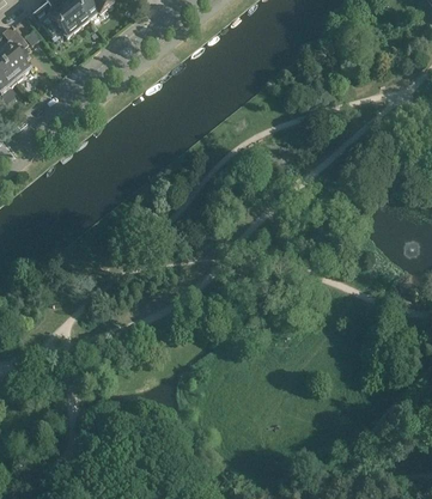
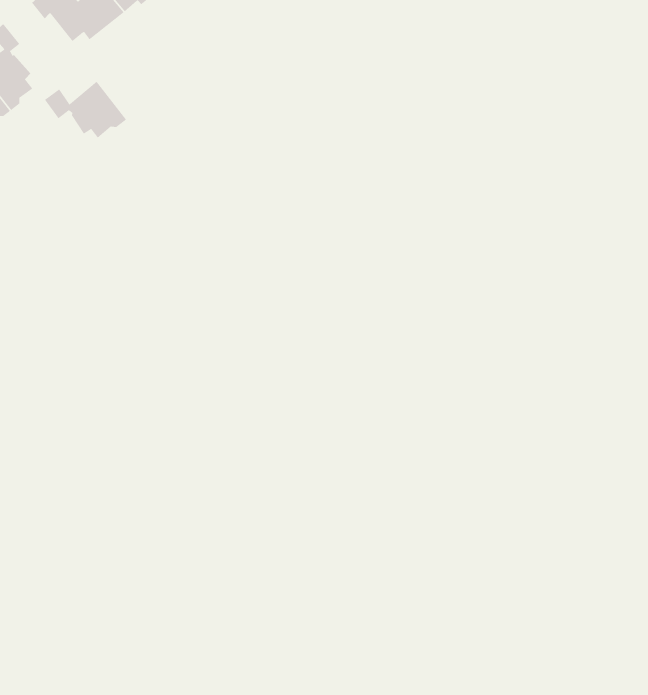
building: none -> [44,81,127,138]

